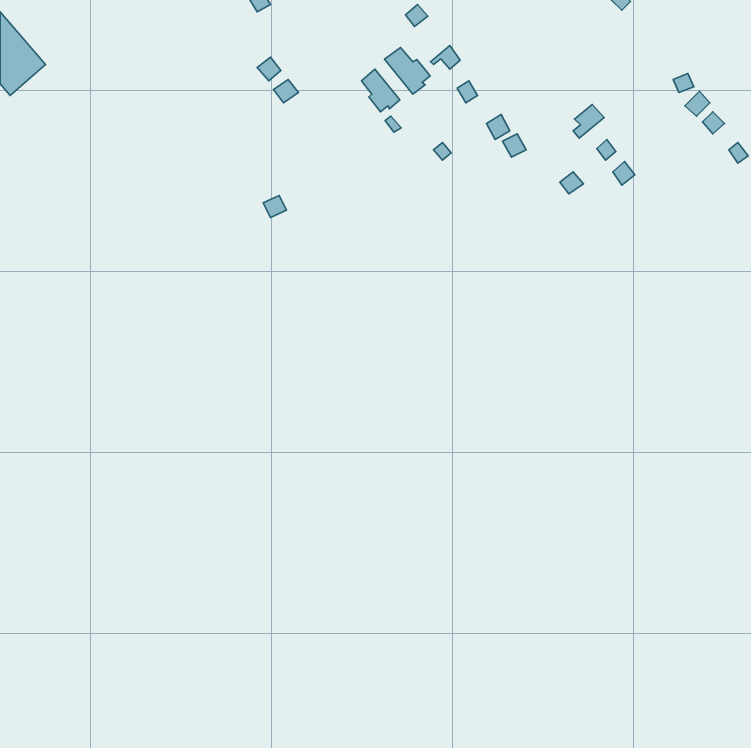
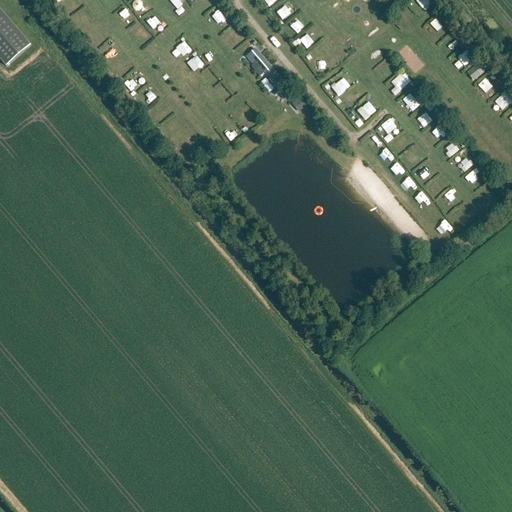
building: [385,47,430,94] -> none

